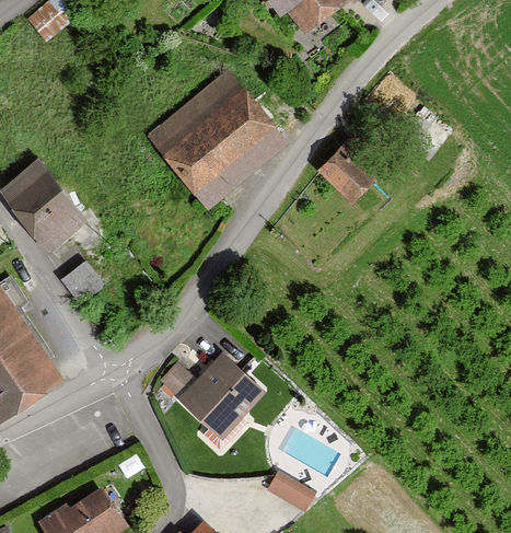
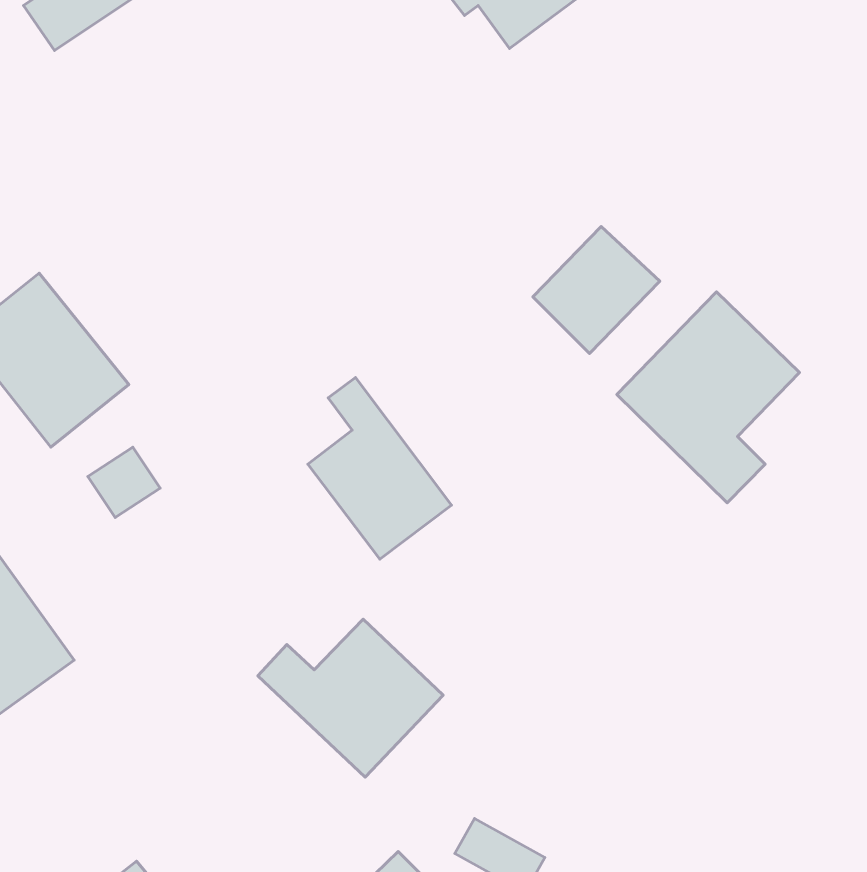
building: [146,69,289,210] -> none
building: none -> [617,292,799,503]
building: none -> [308,377,451,559]

